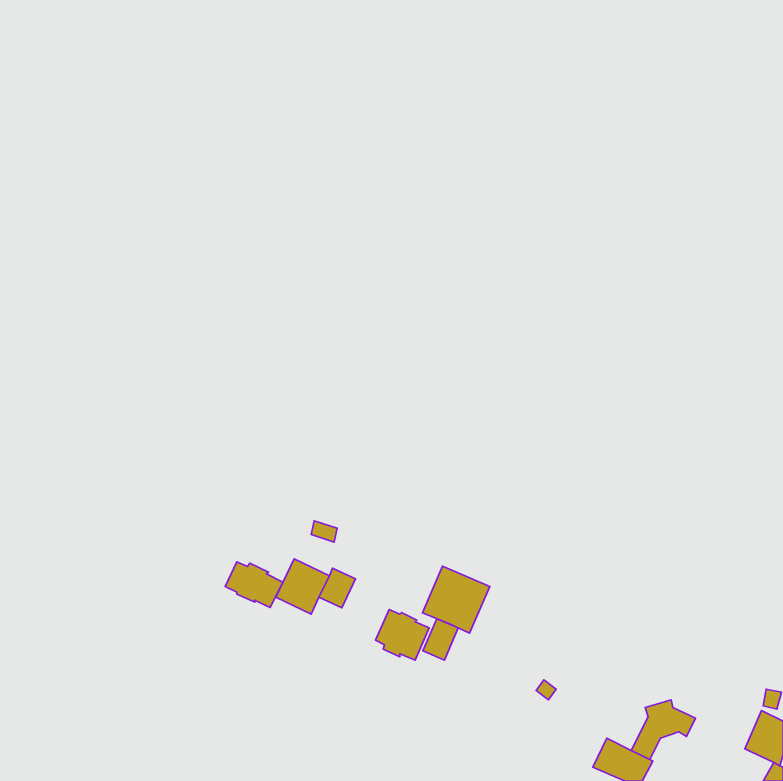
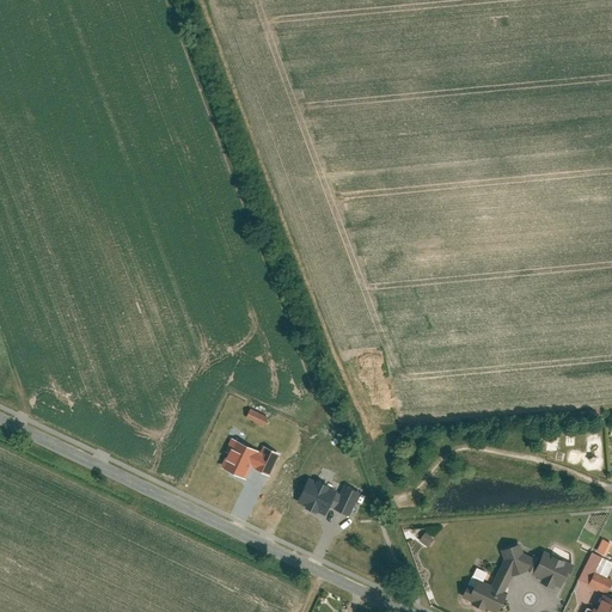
building: [225,562,283,608] -> none
building: [423,566,490,633] -> none
building: none -> [536,551,576,592]

